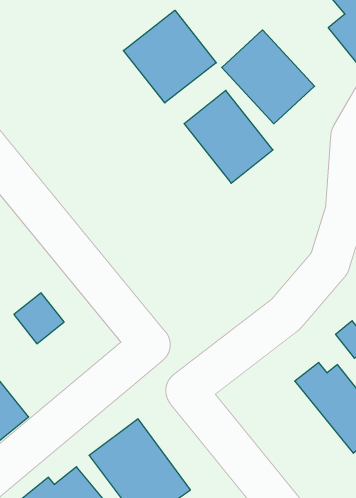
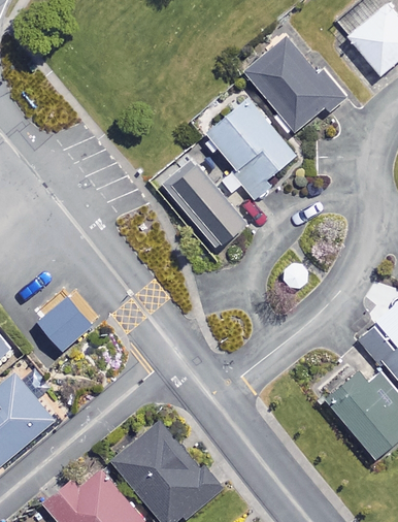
building: [123,10,216,103] -> none
building: none -> [163,162,246,251]

